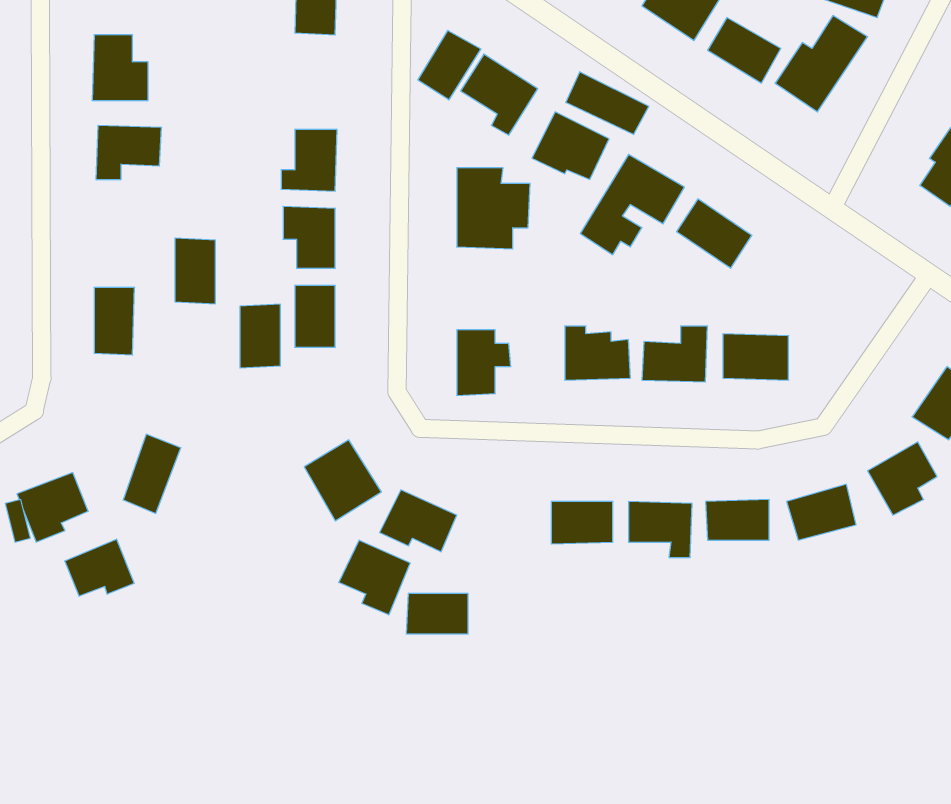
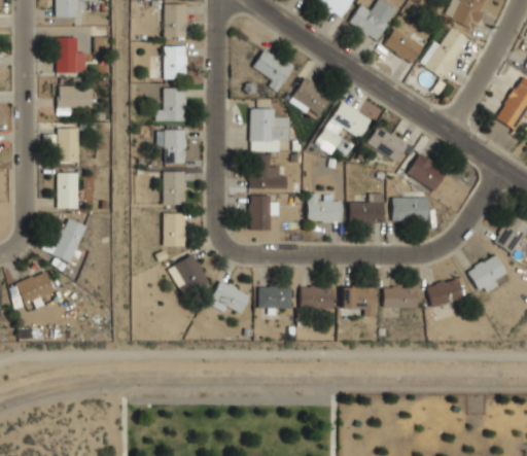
building: [418,30,481,100] -> none
building: none -> [165,45,186,78]
building: [566,72,649,135] -> none
building: [175,238,215,304] -> [58,127,79,162]
building: none -> [407,153,447,189]
building: none -> [249,154,286,188]
building: [240,304,280,368] -> [164,212,185,246]
building: [123,434,181,513] -> [55,217,85,259]
building: [65,539,134,596] -> none
building: [339,540,410,615] -> none
building: [406,593,468,634] -> [258,286,291,308]

